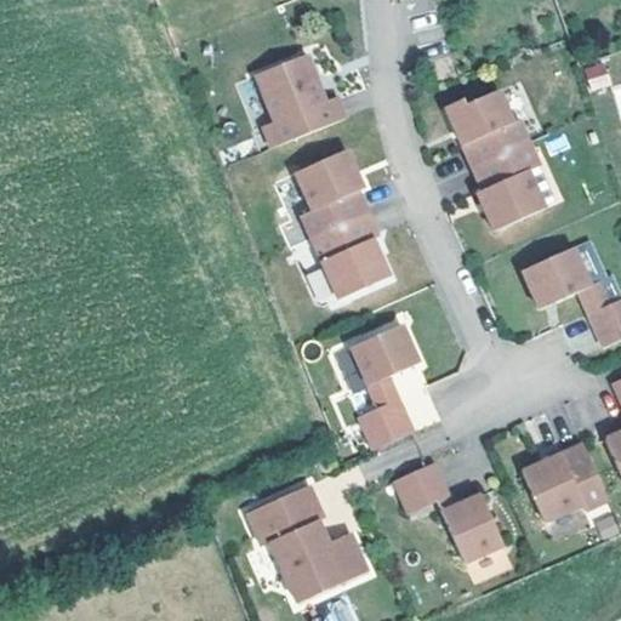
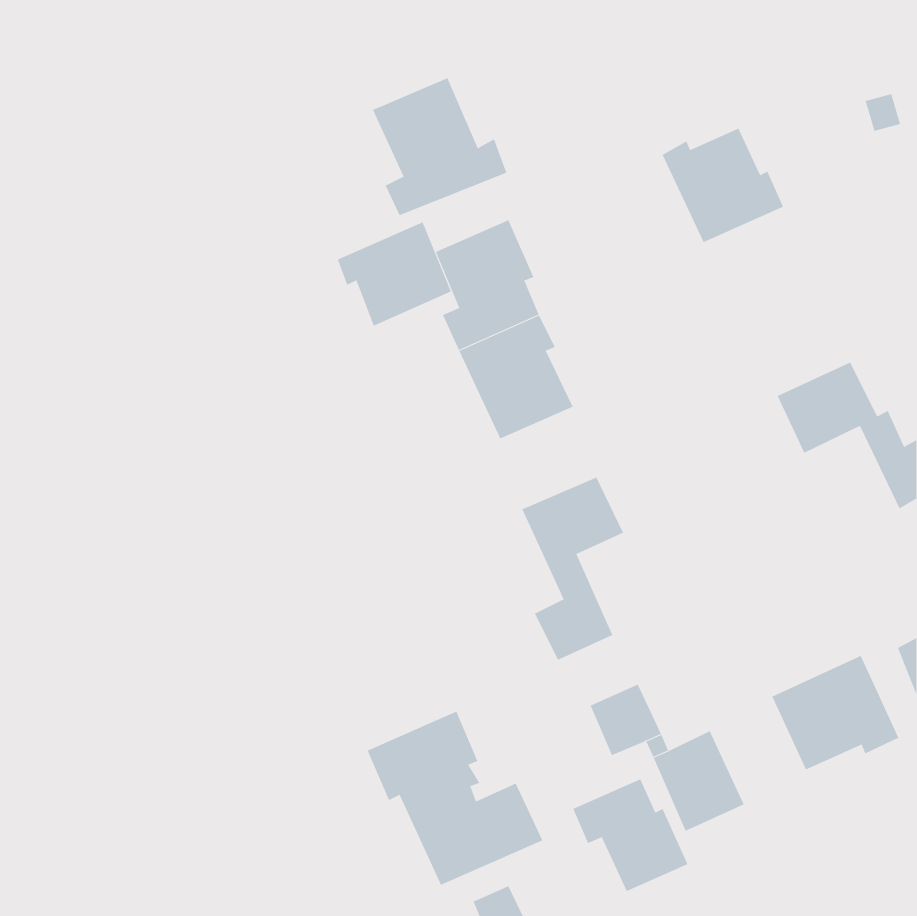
building: [474,142,547,229] -> none
building: none -> [337,221,451,326]
building: none -> [572,779,688,892]

